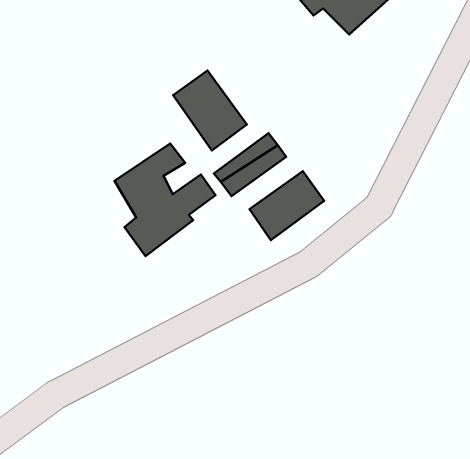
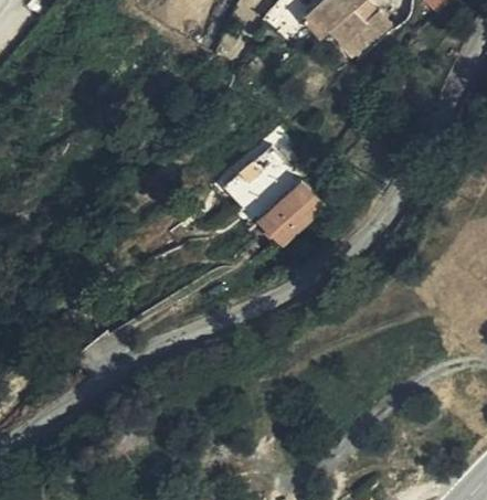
building: [173,70,247,150] -> none
building: [115,143,216,256] -> none

